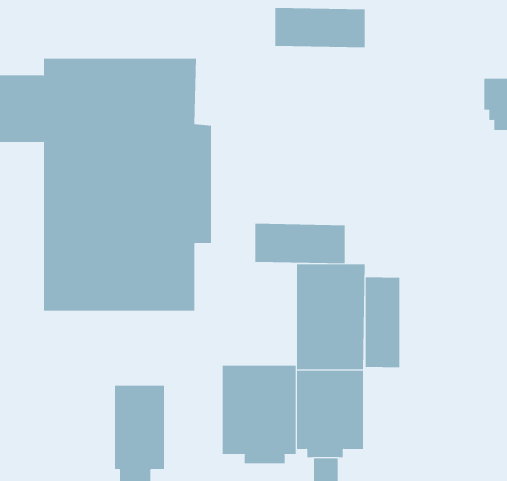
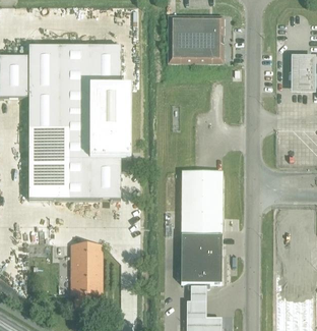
building: [254,223,345,264] -> [168,39,223,63]
building: [365,276,400,368] -> none
building: [222,365,296,464] -> none

